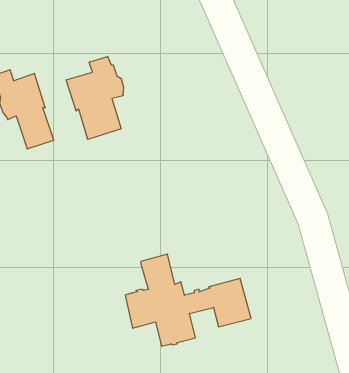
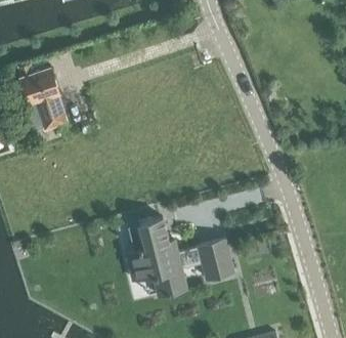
building: [66,56,124,139] -> none

